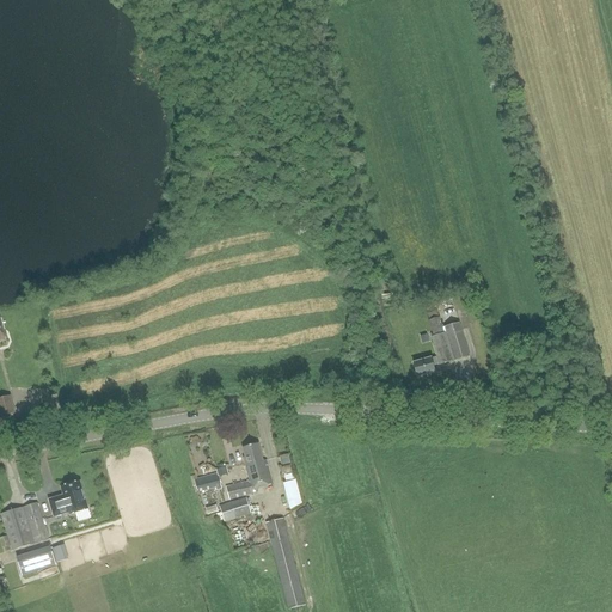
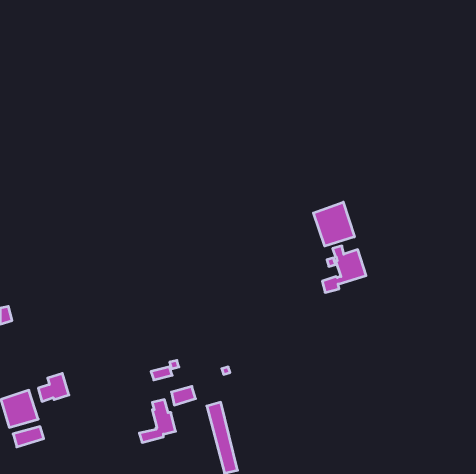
building: none -> [313,202,354,246]
building: [226,442,273,497] -> [139,400,176,442]

